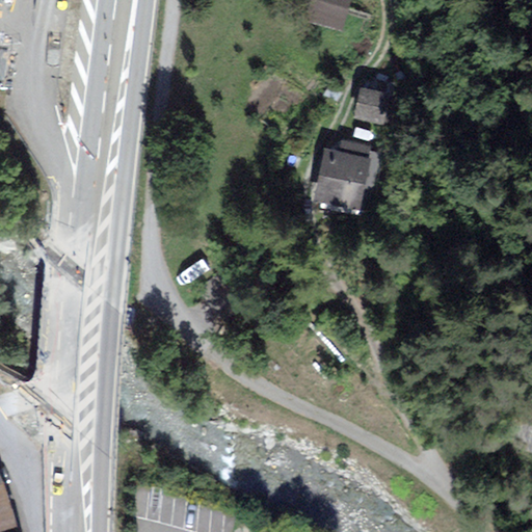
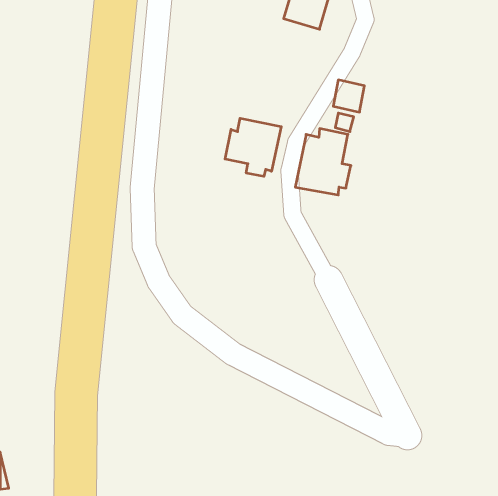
building: none -> [225,118,281,176]

